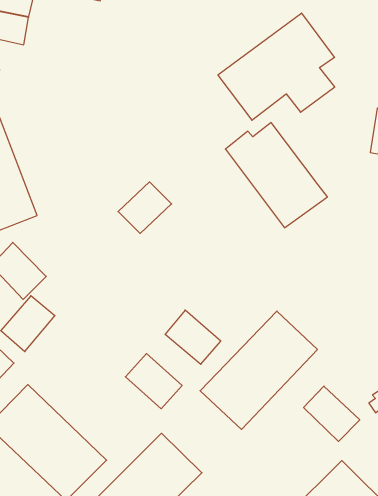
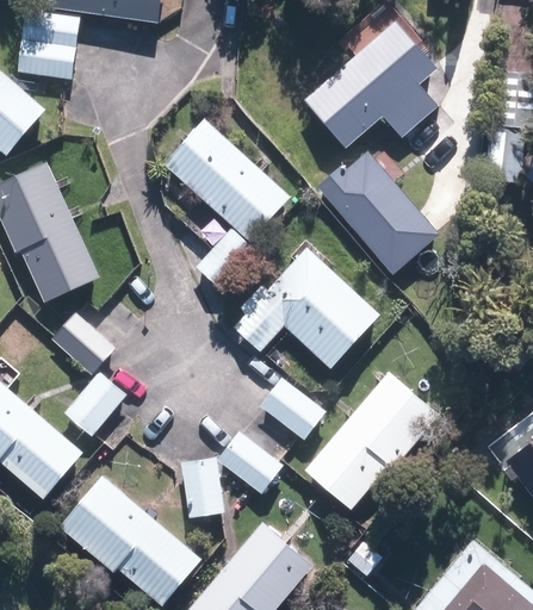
building: none -> [162,117,291,242]
building: none -> [231,247,379,368]
building: none -> [180,455,225,517]
building: [304,386,360,441] -> none

